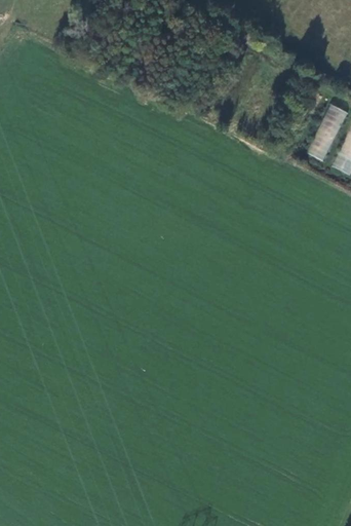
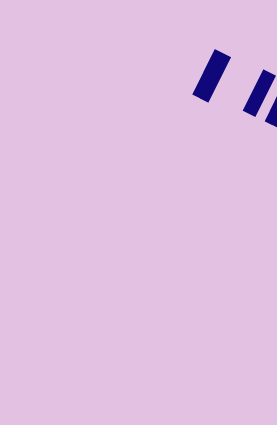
building: none -> [191,48,232,103]

